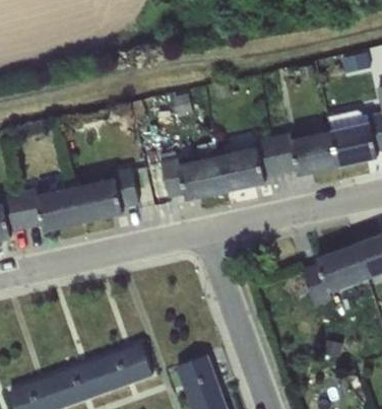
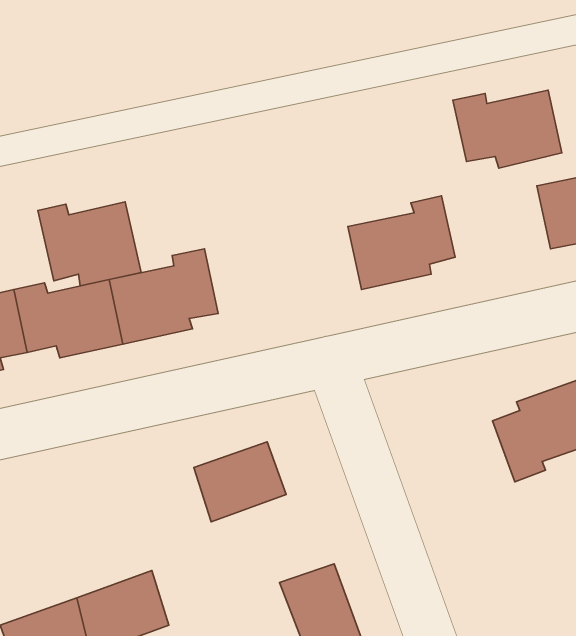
building: [271,130,336,177] -> [453,90,562,168]
building: none -> [38,202,141,286]
building: [158,154,224,200] -> none
building: [99,344,153,392] -> [194,442,286,522]

